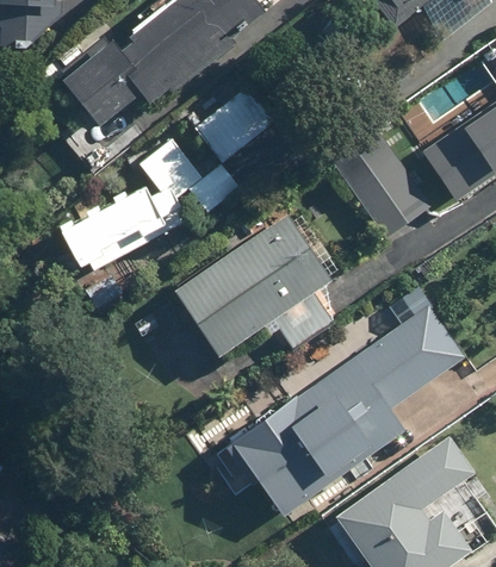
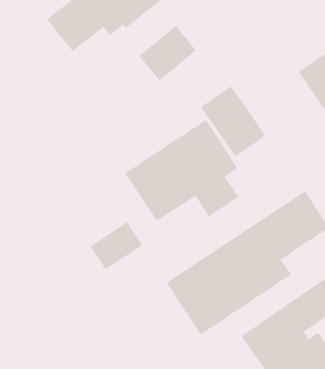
building: [63,137,237,274] -> none
building: [337,137,429,236] -> [200,86,266,157]
building: none -> [90,221,143,270]

